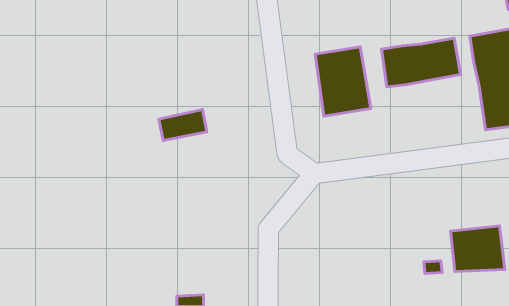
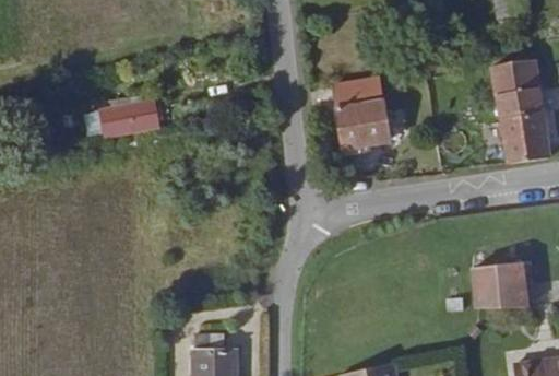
building: [381,38,461,87] -> none
building: [159,109,207,140] -> [112,105,162,137]

